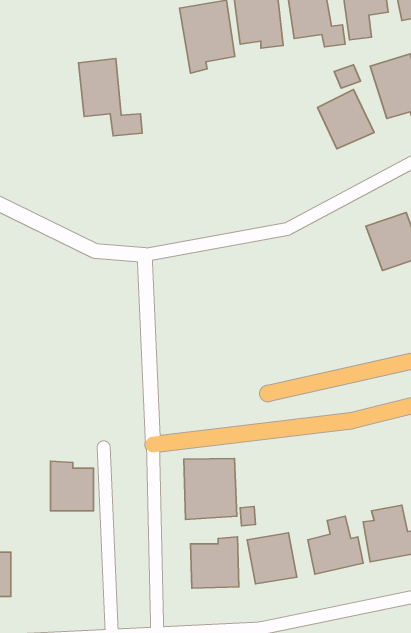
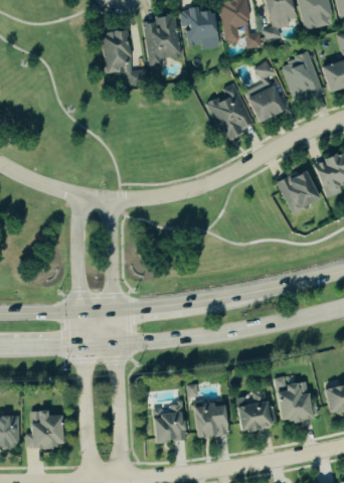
building: [79,59,142,136] -> [102,29,148,86]
building: none -> [206,84,253,140]
building: [184,458,237,519] -> none
building: [51,461,93,511] -> [29,412,60,448]

